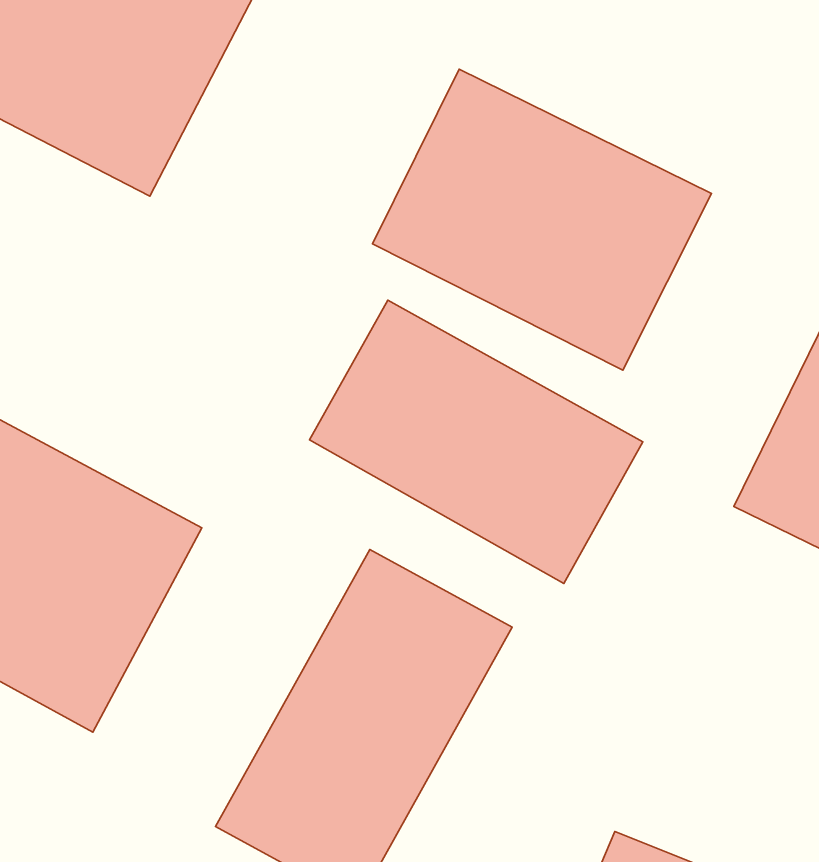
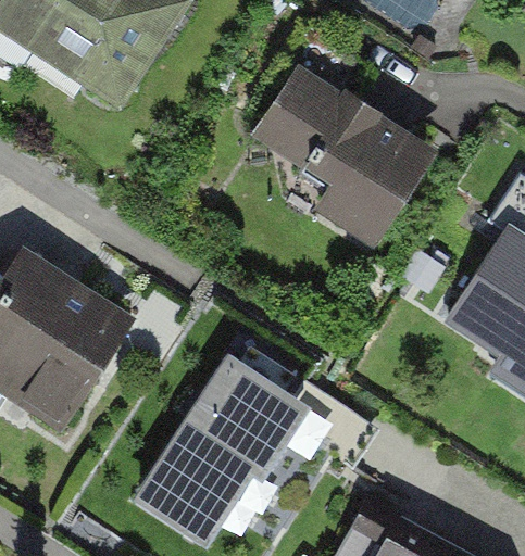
building: [309,300,643,583] -> none

